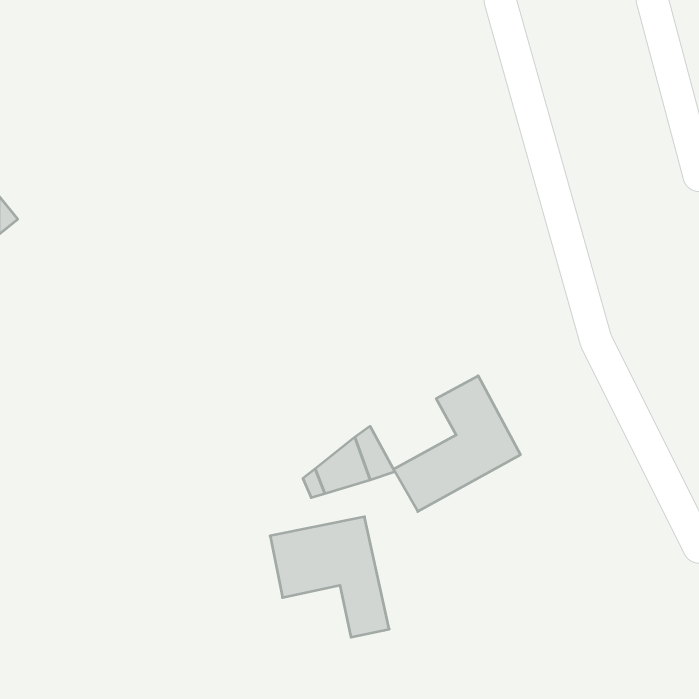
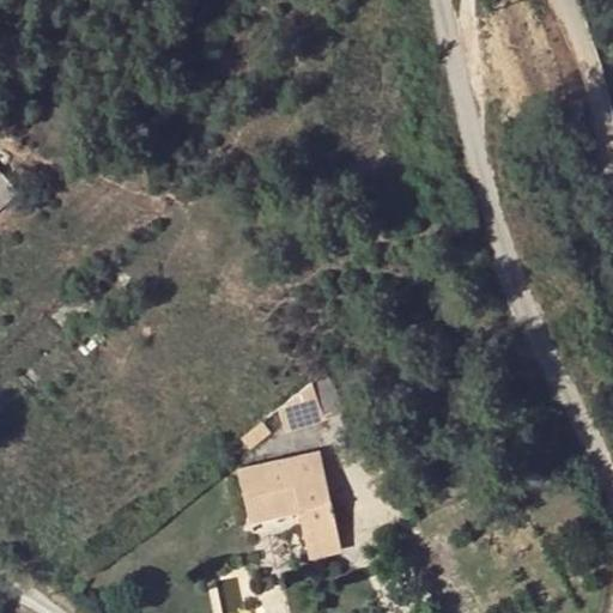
building: [393,376,520,512] -> none

